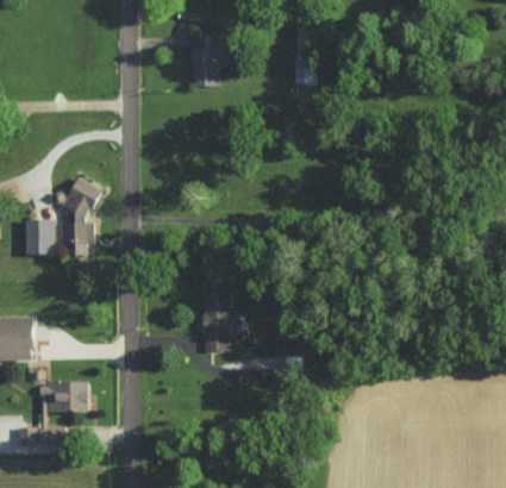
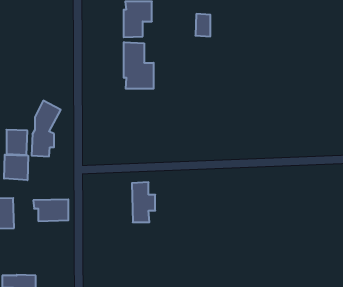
building: none -> [124,42,154,89]
building: none -> [4,155,28,180]
building: [39,382,89,413] -> [33,199,68,221]

